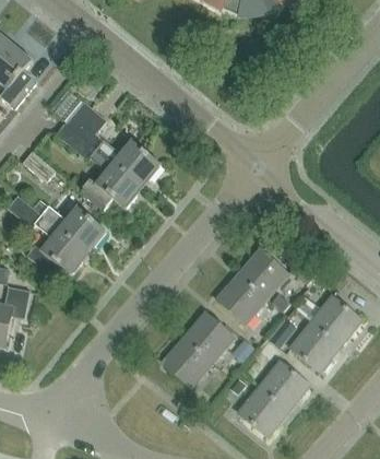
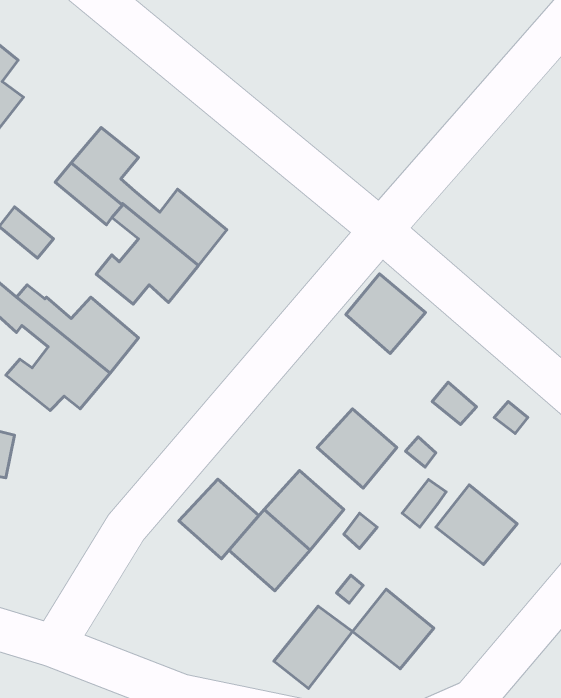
building: [238,249,287,298] -> [346,274,426,353]
building: [310,296,360,345] -> none
building: none -> [179,479,259,559]
building: [259,361,308,410] -> none
building: none -> [274,606,353,689]

